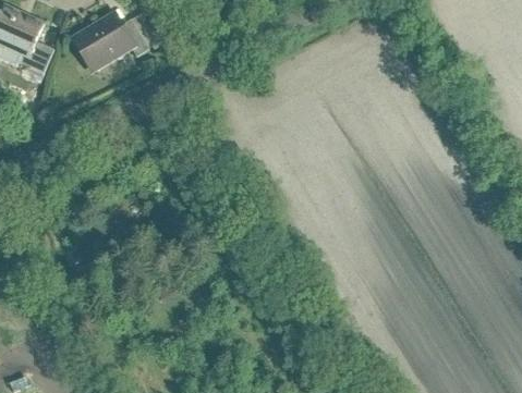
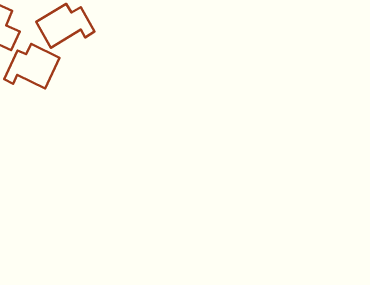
building: none -> [4,44,59,89]

